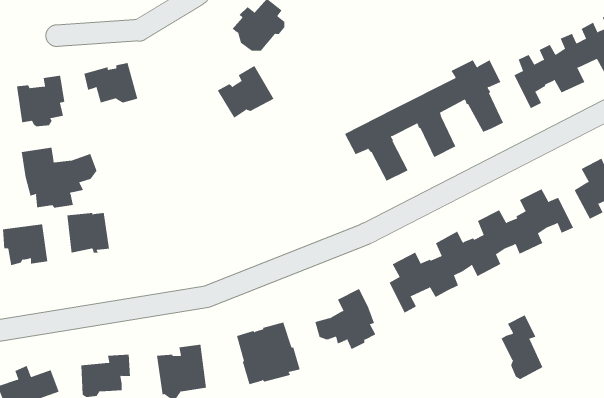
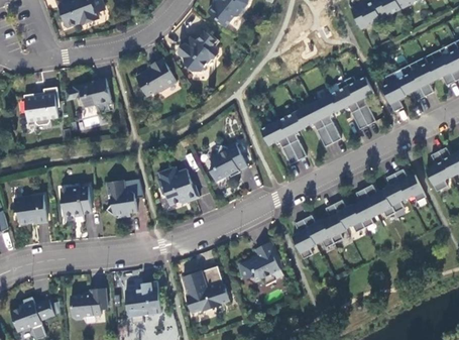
building: [217,65,274,119] -> [134,59,176,97]
building: [21,147,97,209] -> none
building: none -> [209,143,246,183]
building: none -> [156,166,198,206]
building: none -> [105,181,136,219]
building: [501,315,543,380] -> none

